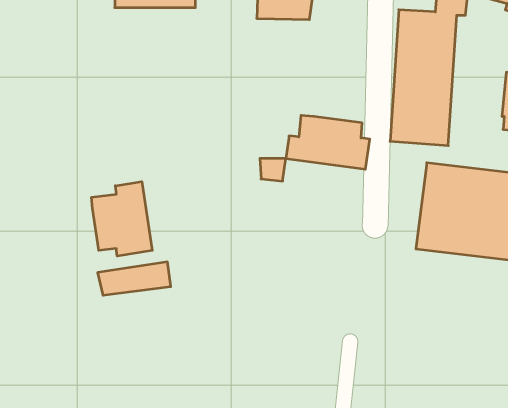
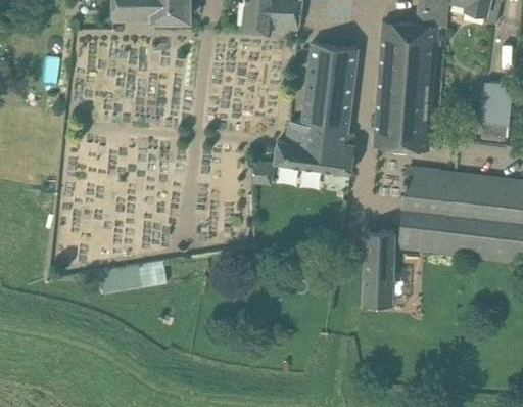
building: none -> [301,43,358,130]
building: [92,182,152,256] -> none
building: none -> [363,231,409,306]

